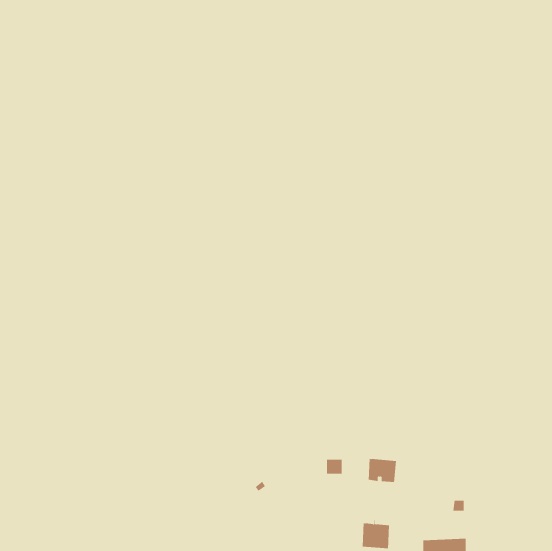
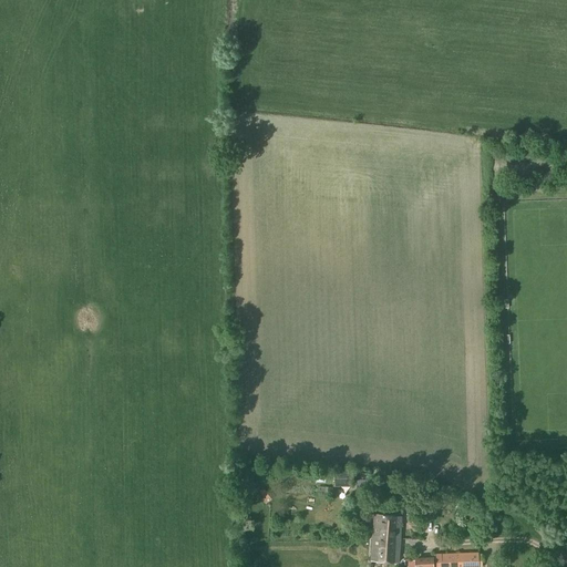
building: [368,459,397,482] -> [372,515,402,539]

